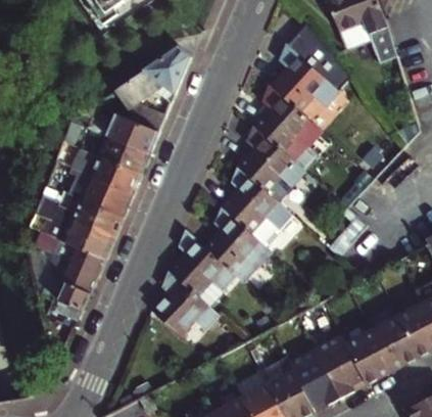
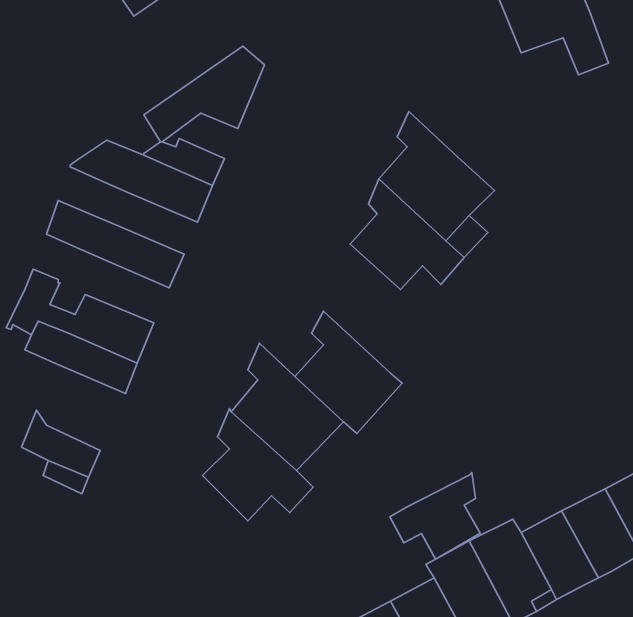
building: [277,24,357,113] -> none
building: [63,120,148,173] -> none
building: [225,167,294,245] -> none
building: [67,170,131,215] -> none
building: [44,235,104,292] -> none
building: none -> [390,473,480,559]

